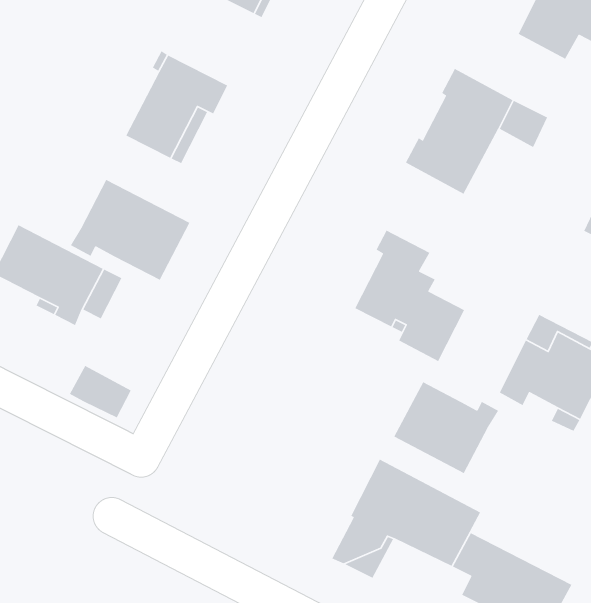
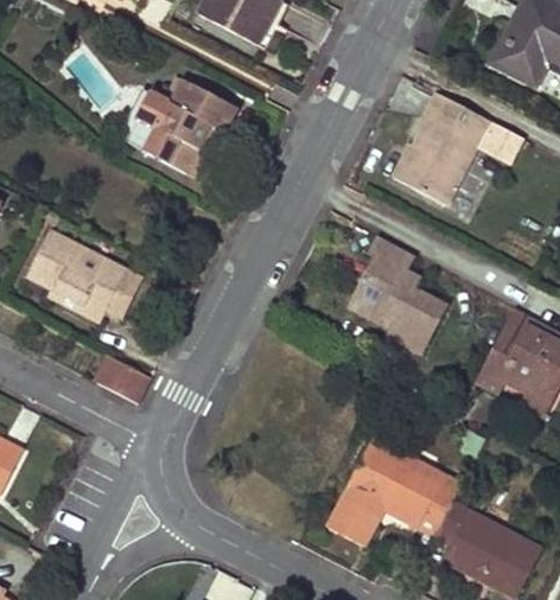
building: [70,179,191,281] -> none
building: [393,381,499,474] -> none

